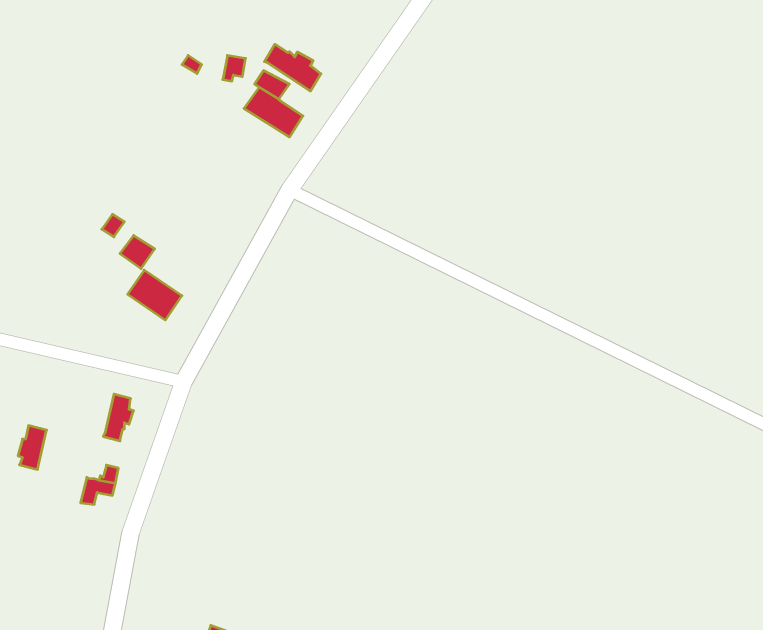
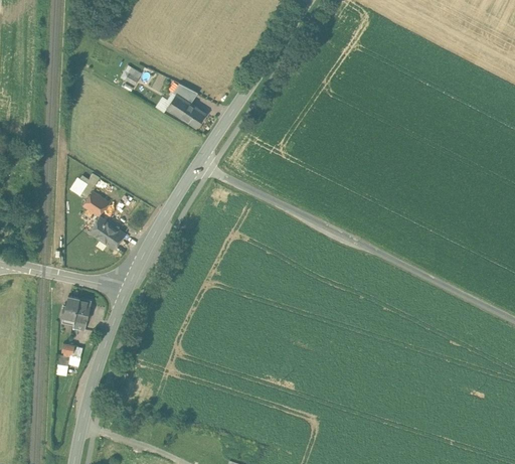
building: [264,44,321,91] -> none
building: [18,426,47,469] -> [60,296,79,325]

